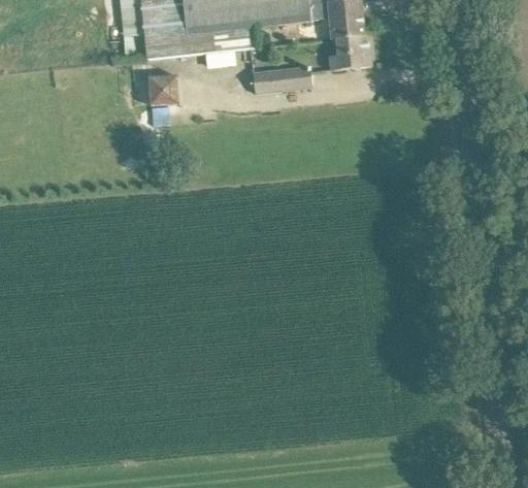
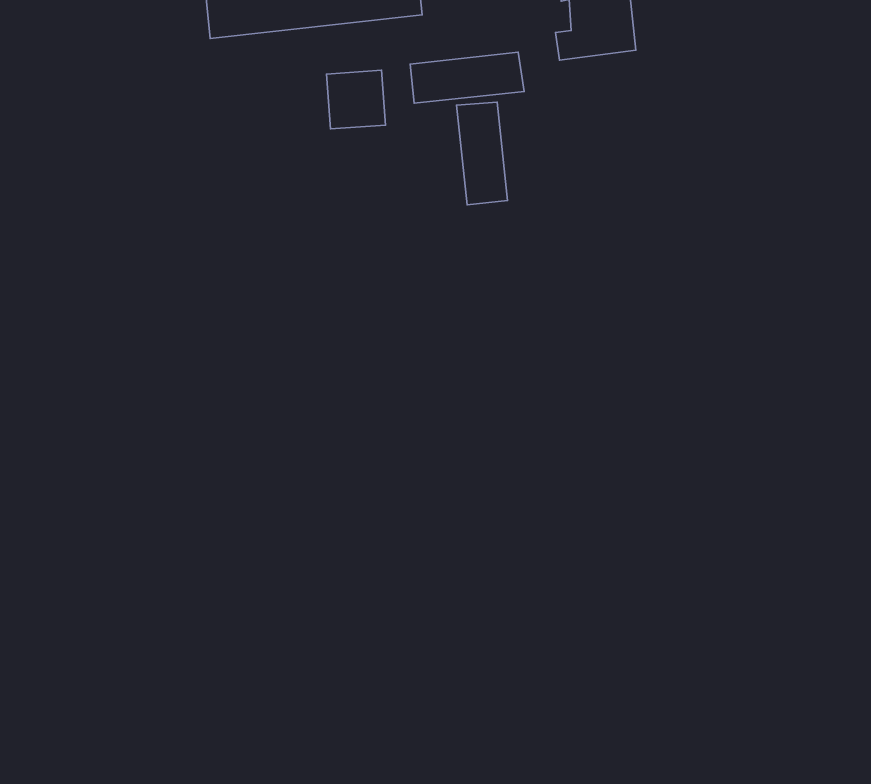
building: [147,75,178,106] -> [327,70,385,129]
building: none -> [456,102,507,205]

